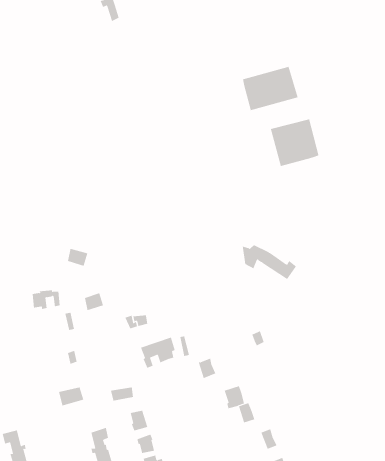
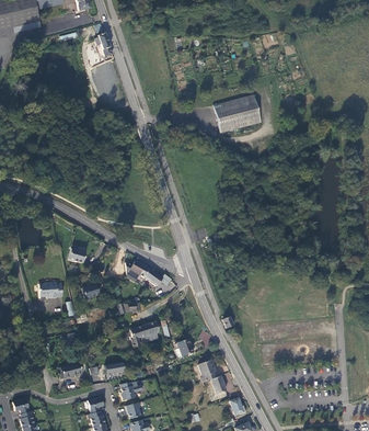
building: [270,118,319,167] -> none
building: [242,244,297,280] -> [125,261,171,291]

